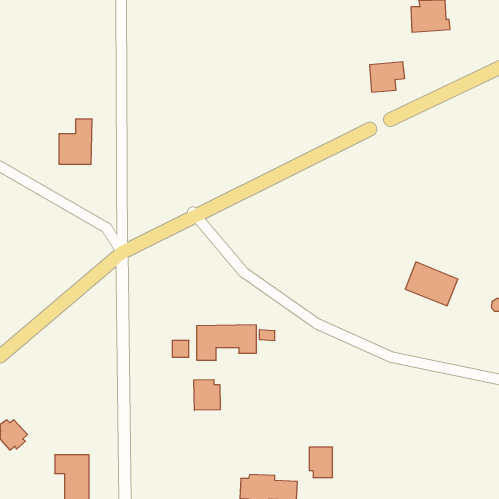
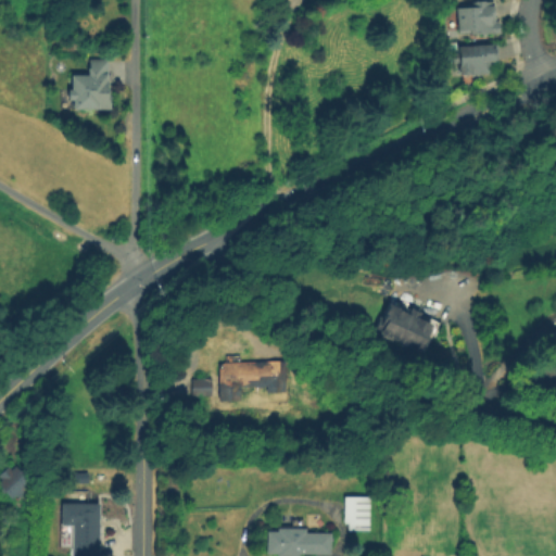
building: [370,62,405,92] -> [460,42,500,76]
building: [59,119,92,164] -> [75,60,112,110]
building: [405,262,458,306] -> [376,302,434,351]
building: [194,380,220,410] -> none

